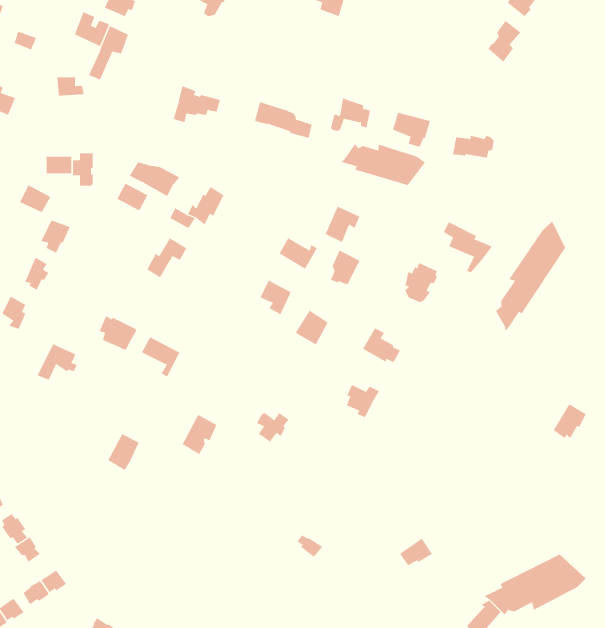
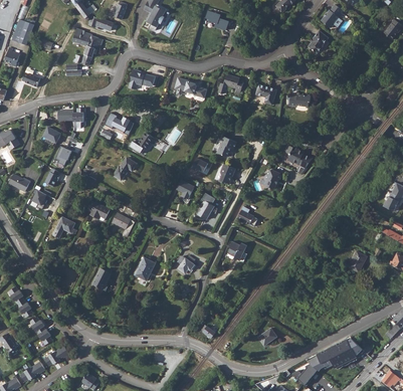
building: [340,144,426,186] -> none
building: [495,220,566,332] -> none

